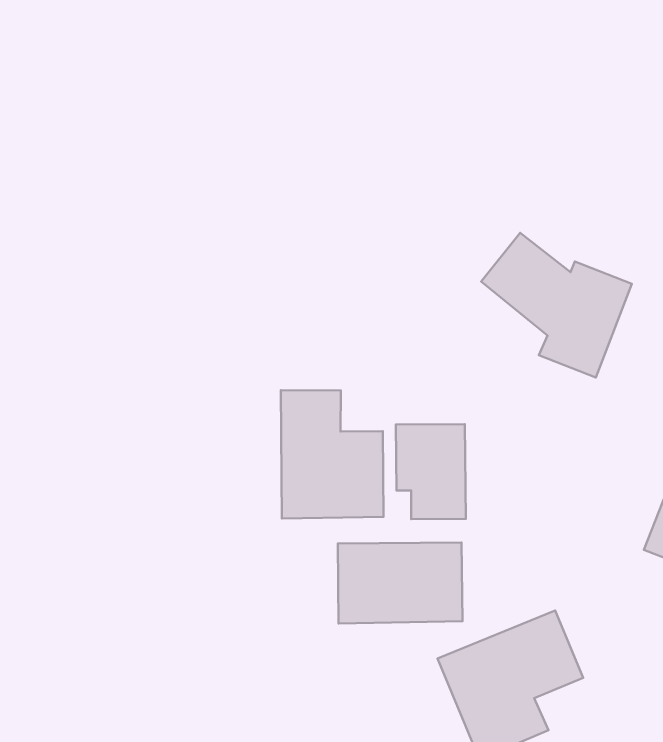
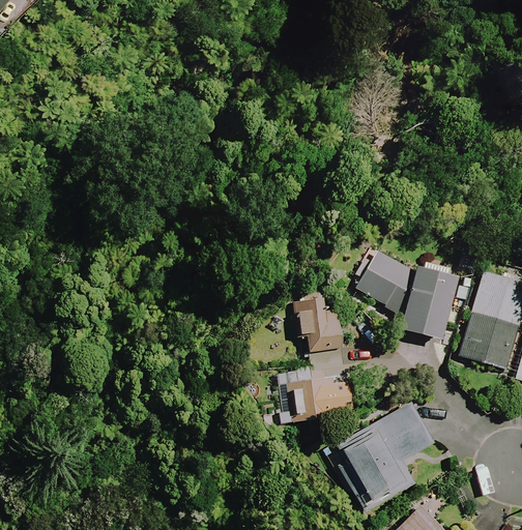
building: [481,233,632,378] -> [358,253,456,341]
building: [281,390,384,518] -> none

